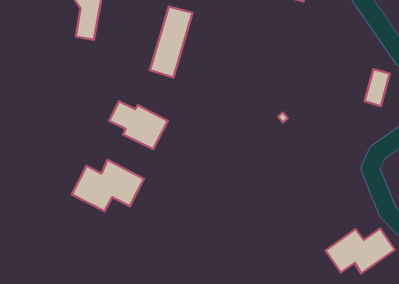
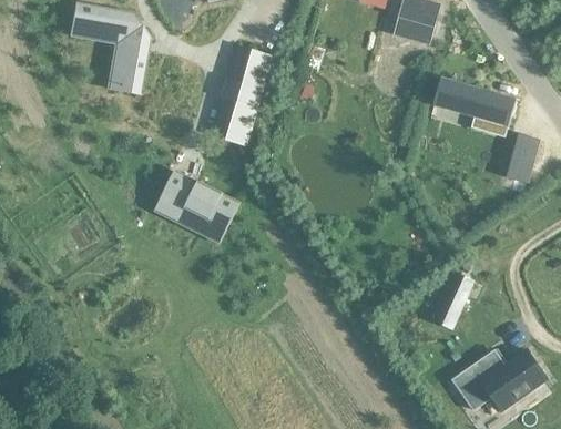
building: none -> [434,78,516,126]
building: [72,160,144,211] -> none
building: none -> [431,273,473,329]

